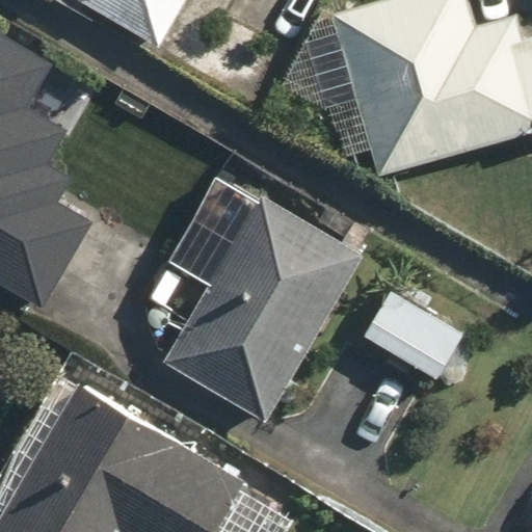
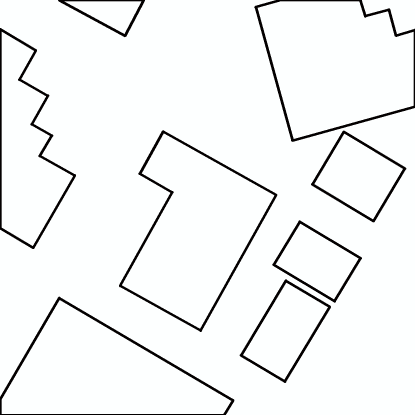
building: none -> [312,132,405,221]
building: none -> [241,281,330,382]

